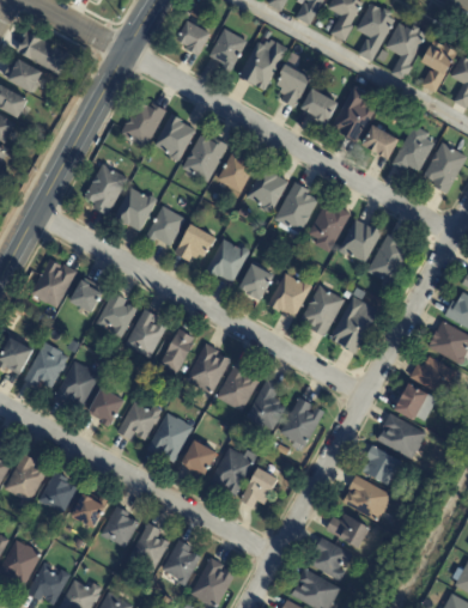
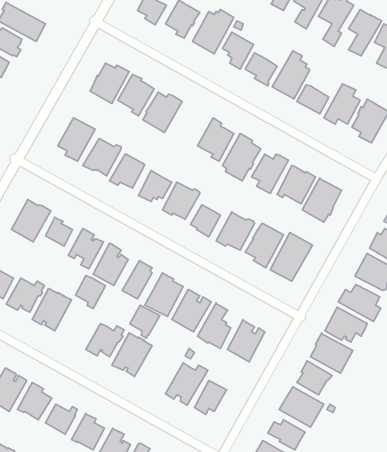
building: [218,148,255,193] -> none
building: [90,388,124,426] -> [76,275,106,308]
building: [182,440,217,479] -> [130,305,160,338]

